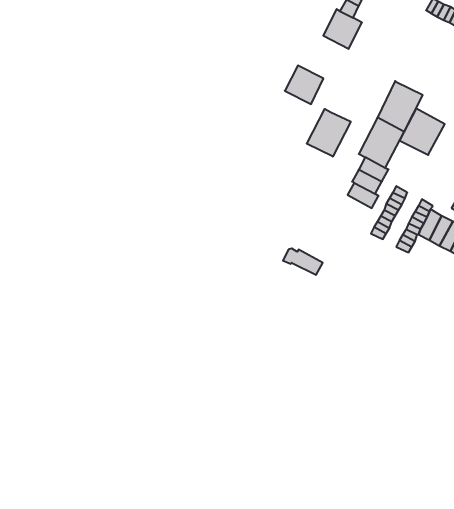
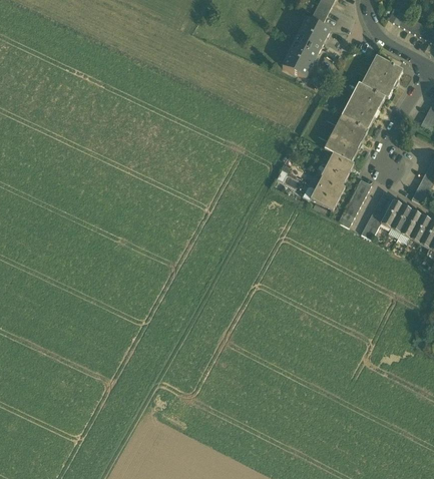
building: [285,65,323,104] -> [283,41,318,76]
building: [399,109,445,155] -> [361,54,402,96]
building: [307,109,351,157] -> none
building: [283,248,323,275] -> [303,184,339,208]

